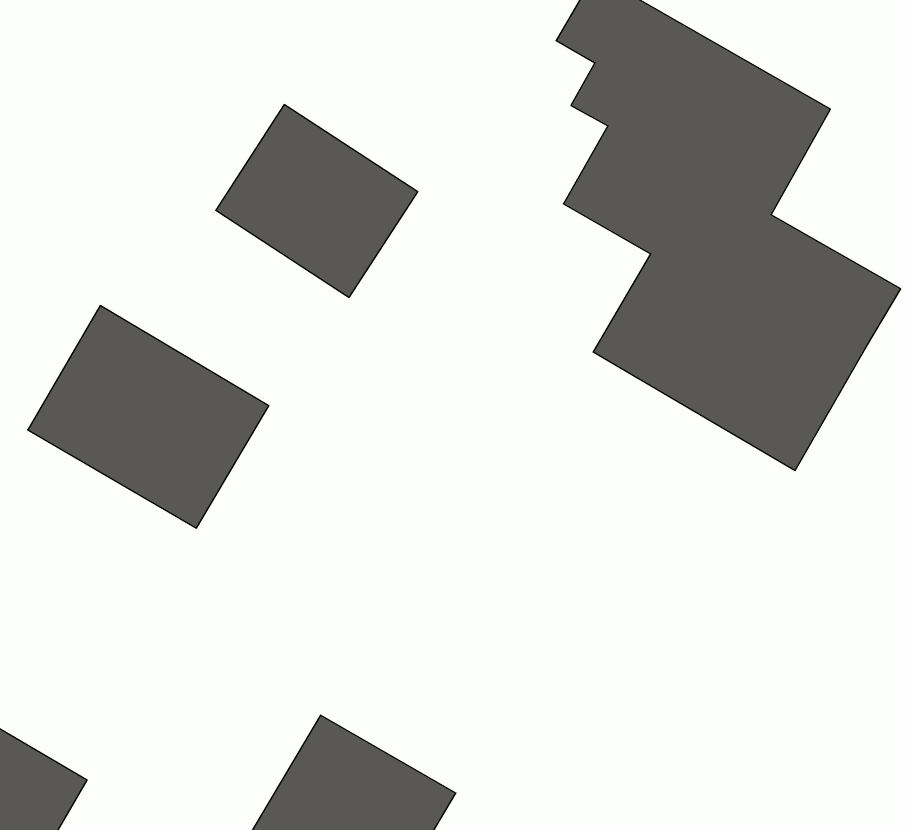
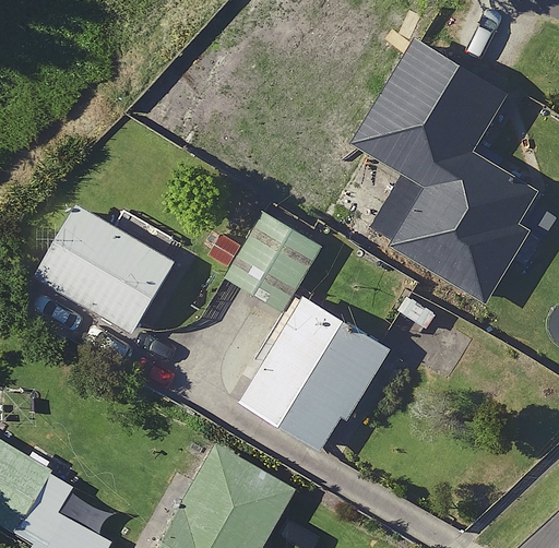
building: [216,105,418,297] -> [205,201,324,314]
building: none -> [239,295,394,456]

